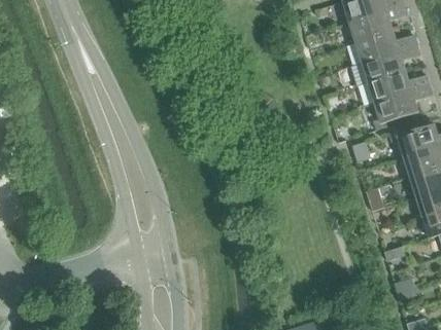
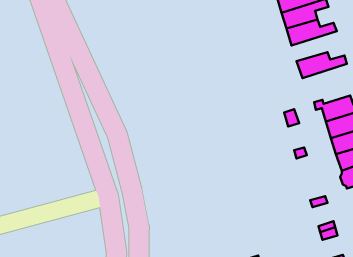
building: [361,44,419,81] -> none
building: [373,84,432,129] -> none

